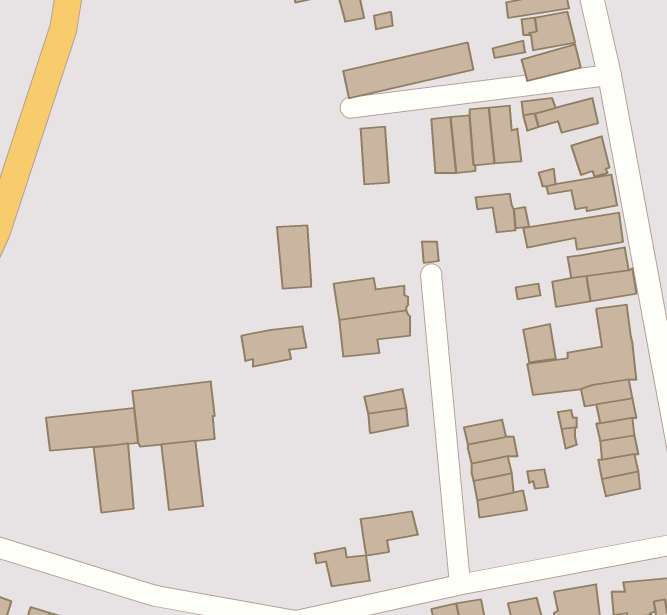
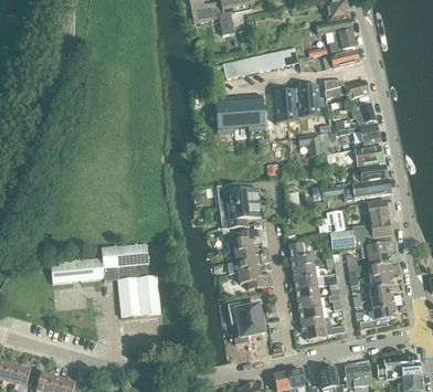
building: none -> [246,94,265,130]
building: [277,225,311,289] -> [214,96,234,133]
building: [241,326,306,367] -> [228,227,265,251]
building: none -> [287,242,314,268]
building: none -> [237,267,273,288]
building: [93,444,134,512] -> [137,274,160,314]
building: none -> [360,304,395,329]
building: none -> [300,316,346,338]
building: [314,548,370,586] -> [230,298,262,320]

